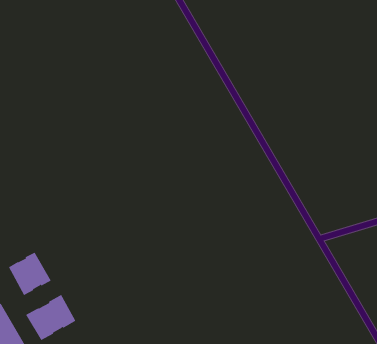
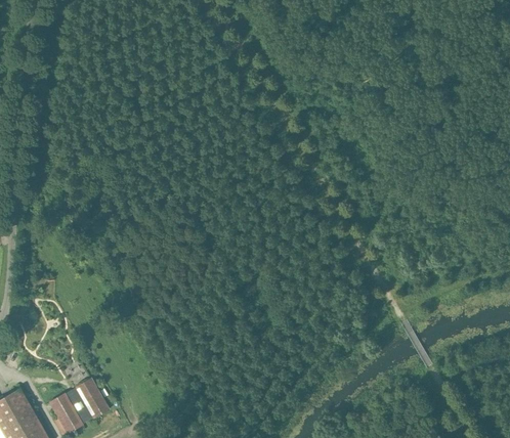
building: [8,252,52,296] -> none

